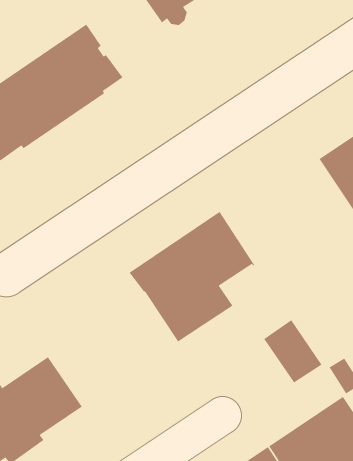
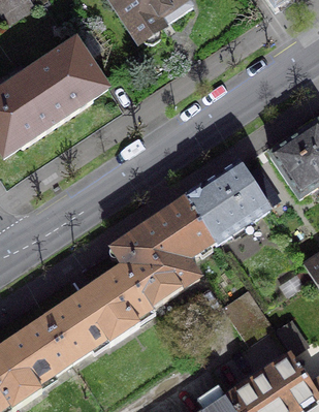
building: none -> [188,162,269,243]
building: none -> [44,264,153,360]

